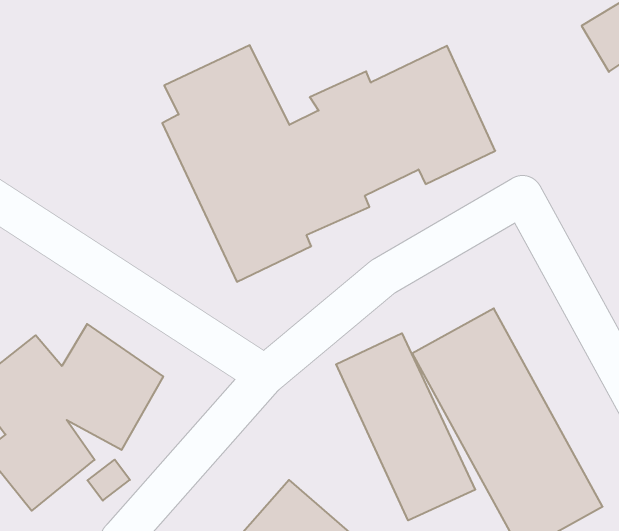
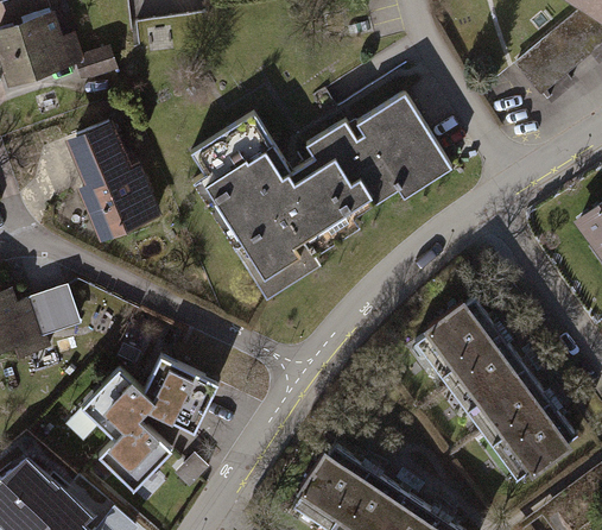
building: none -> [64,116,158,238]
building: [336,333,475,520] -> none

